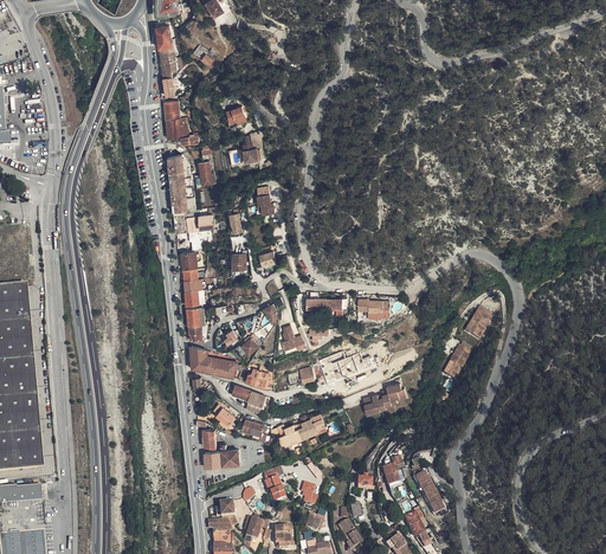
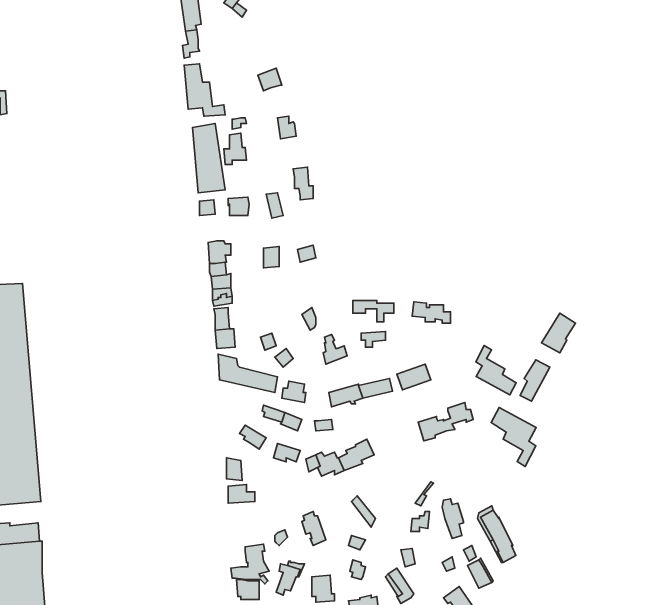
building: none -> [476,345,516,395]
building: none -> [491,408,536,466]

